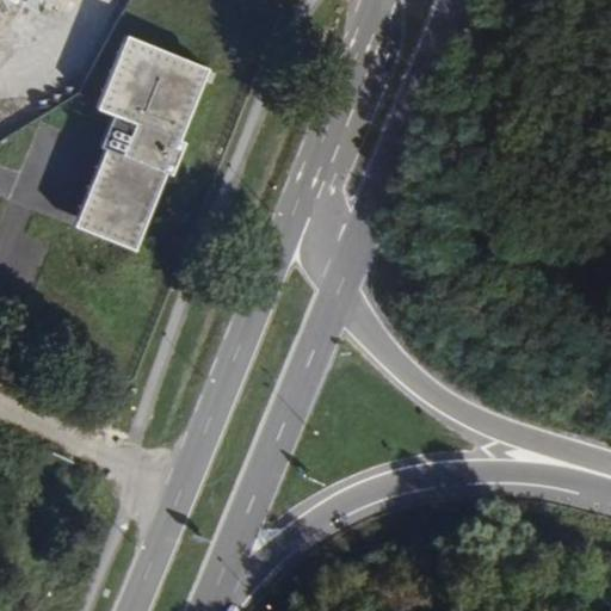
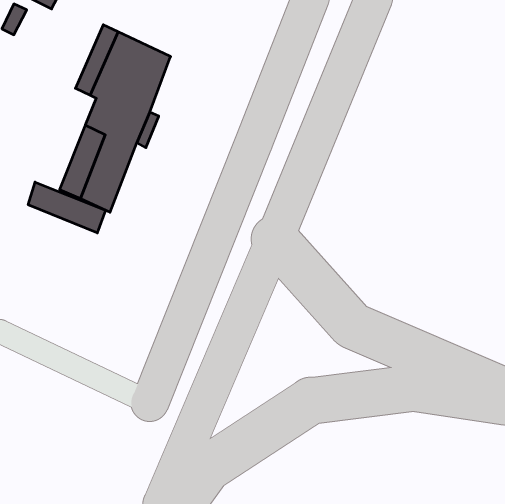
building: none -> [28,182,106,233]

